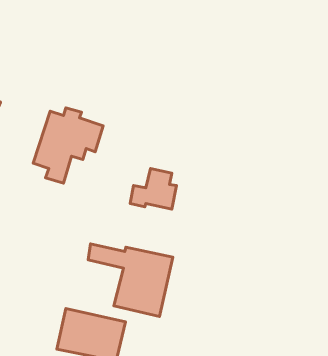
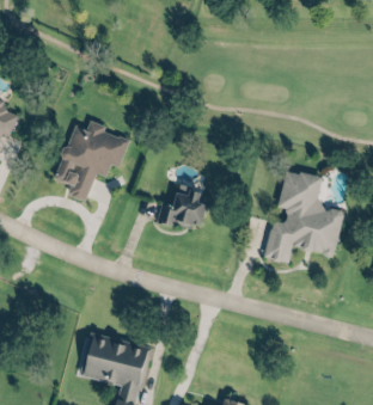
building: none -> [265,170,344,263]
building: [88,244,173,316] -> none

